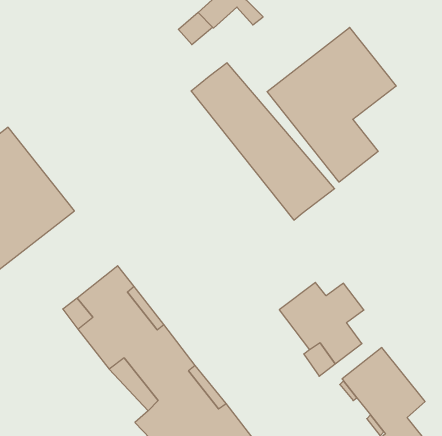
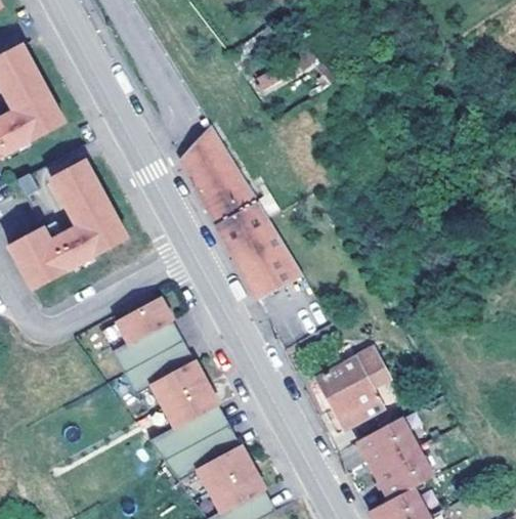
building: [267,27,396,182] -> none
building: [191,63,335,220] -> [181,141,303,302]

